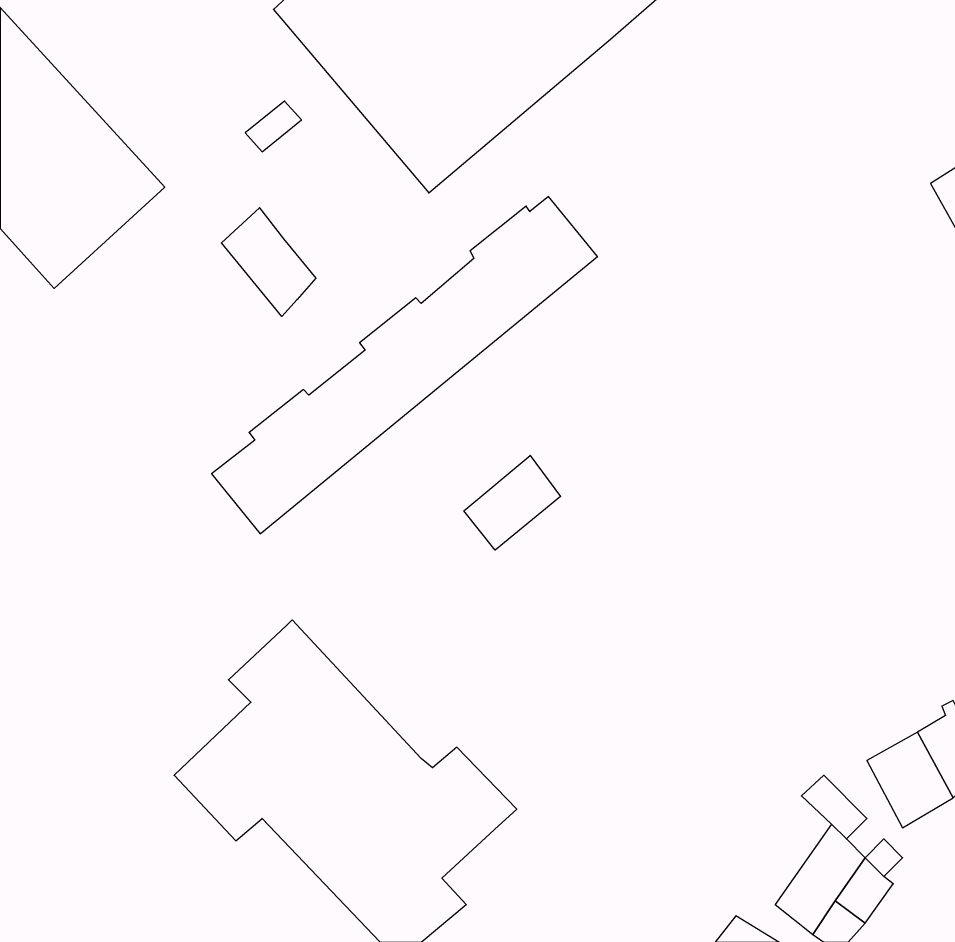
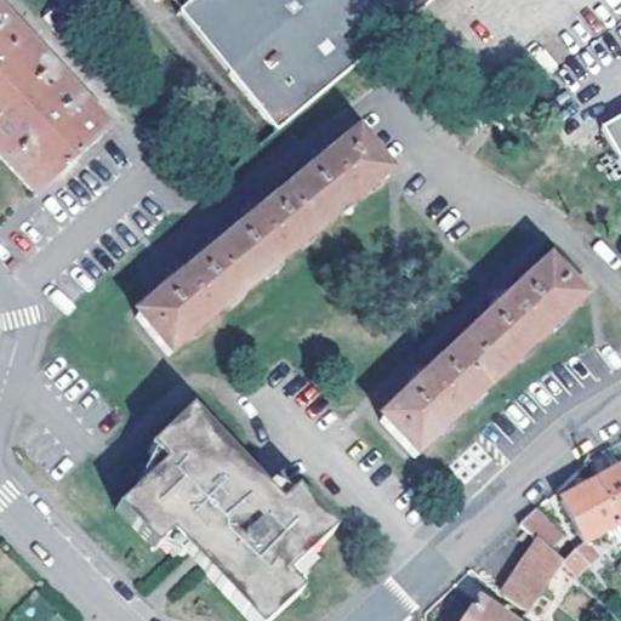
building: [221,208,316,316] -> none
building: none -> [382,257,582,448]
building: [464,455,561,550] -> none

